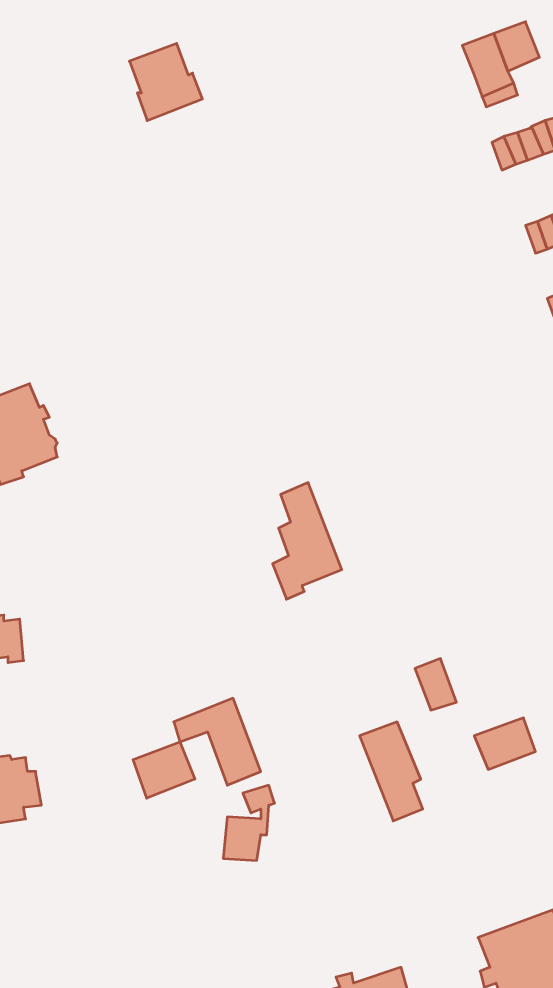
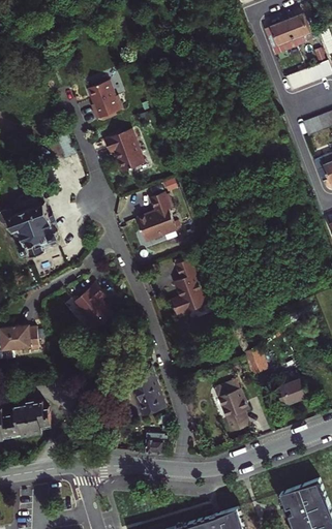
building: [129,43,202,121] -> [85,77,123,118]
building: none -> [102,126,143,169]
building: none -> [135,189,180,238]
building: none -> [73,280,115,328]
building: [133,742,195,798] -> none

